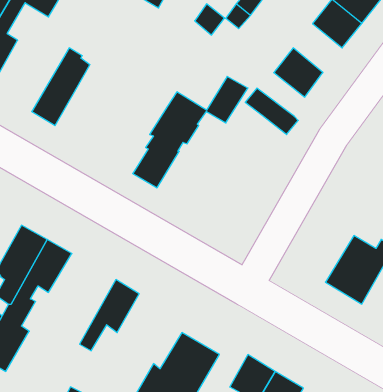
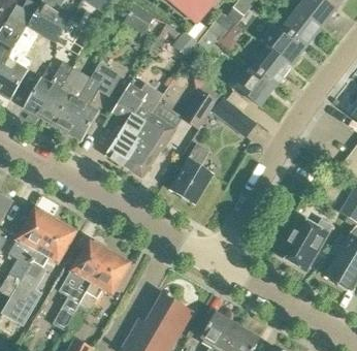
building: none -> [251,46,290,86]
building: none -> [24,61,72,117]
building: none -> [61,62,121,139]
building: none -> [104,83,162,166]
building: none -> [171,141,212,202]
building: none -> [52,238,109,329]

